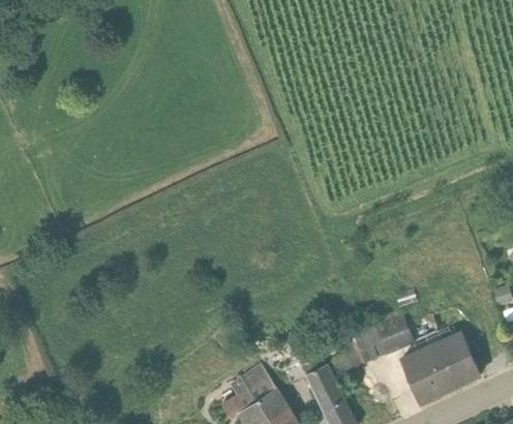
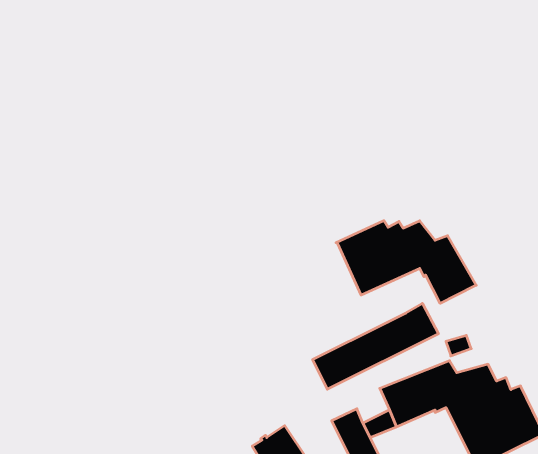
building: none -> [336,221,476,303]
building: none -> [313,303,438,389]

